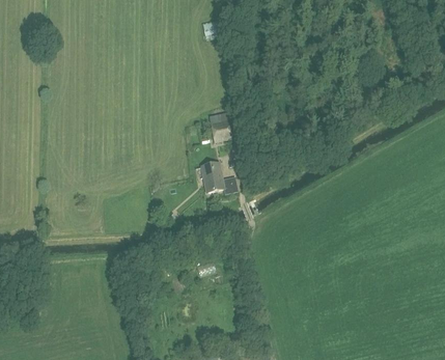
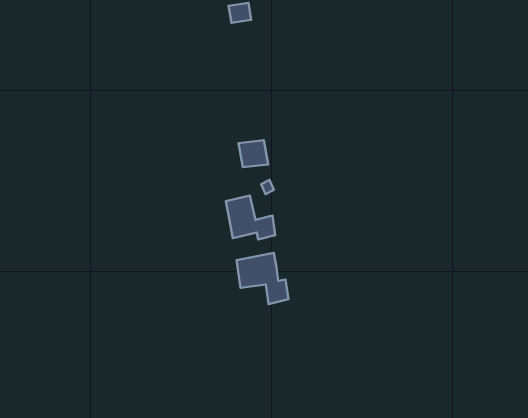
building: none -> [236,253,288,304]

